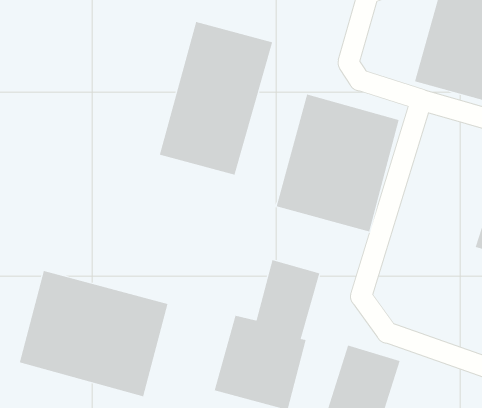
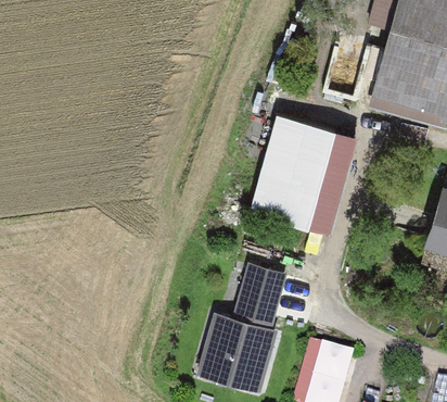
building: [159,21,273,176] -> none
building: [19,270,168,397] -> none

